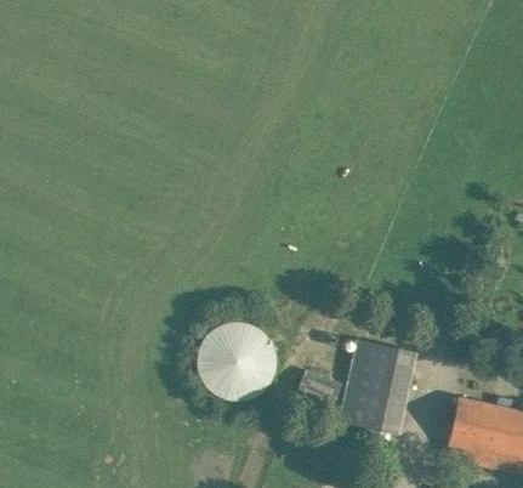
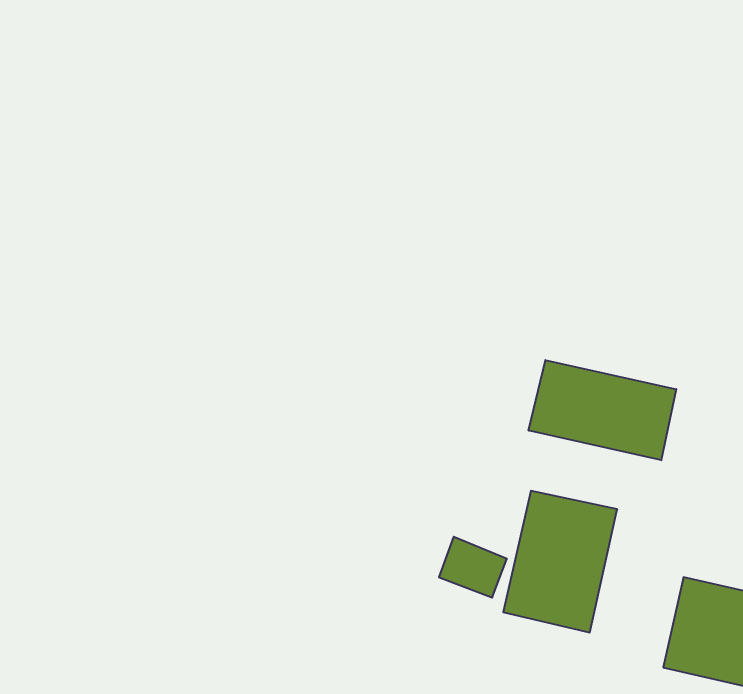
building: none -> [529,360,676,460]
building: [205,319,282,401] -> none

